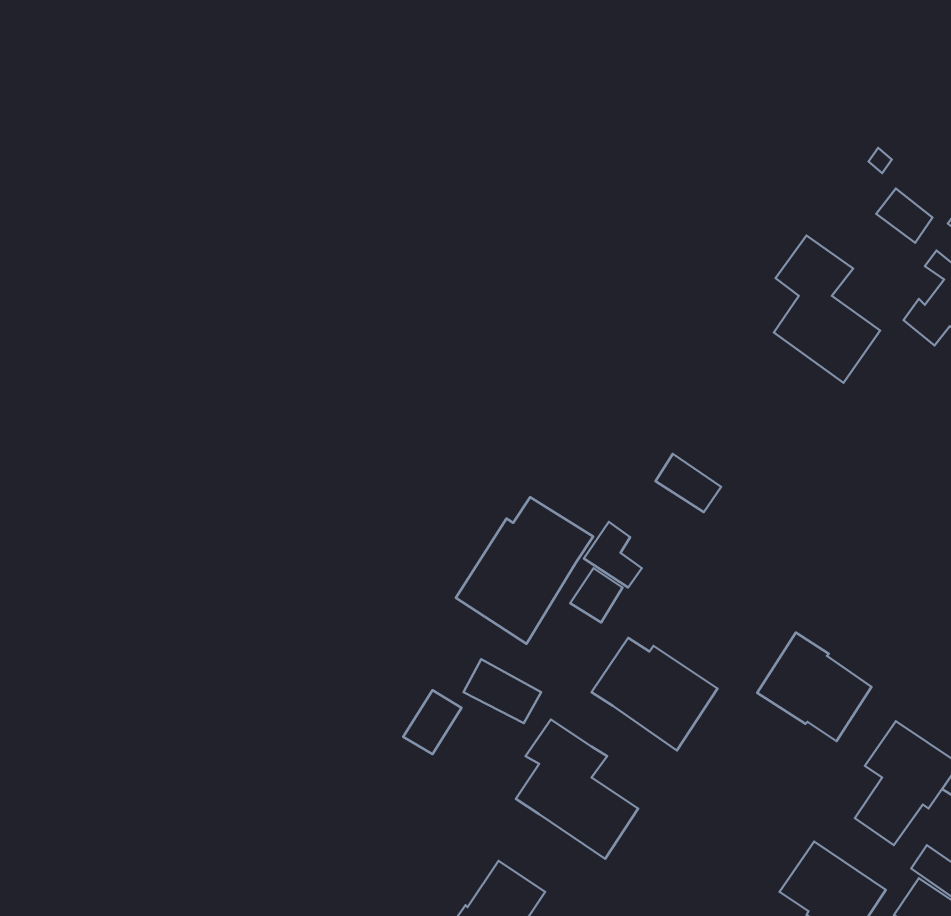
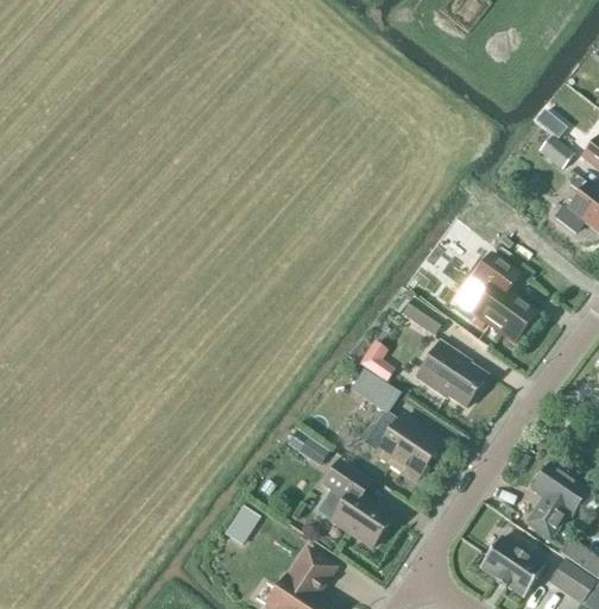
building: [774,236,880,383] -> [471,251,536,341]
building: [456,497,593,644] -> none
building: [757,633,871,741] -> [416,340,486,407]
building: [403,690,461,754] -> [225,504,260,544]

